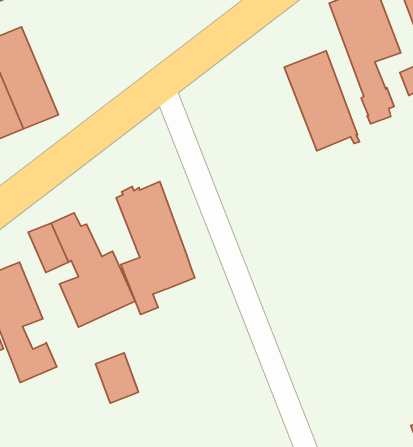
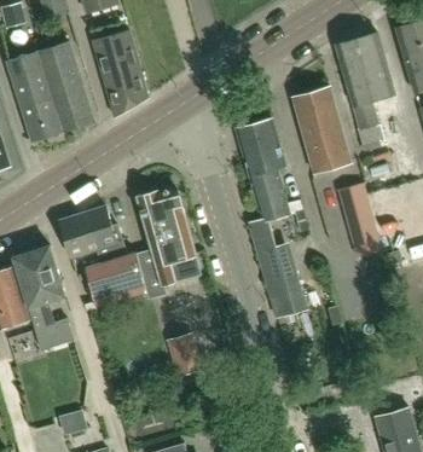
building: none -> [91,33,149,118]
building: none -> [236,117,306,317]
building: none -> [338,185,381,259]
building: [96,353,139,403] -> [167,334,202,376]

